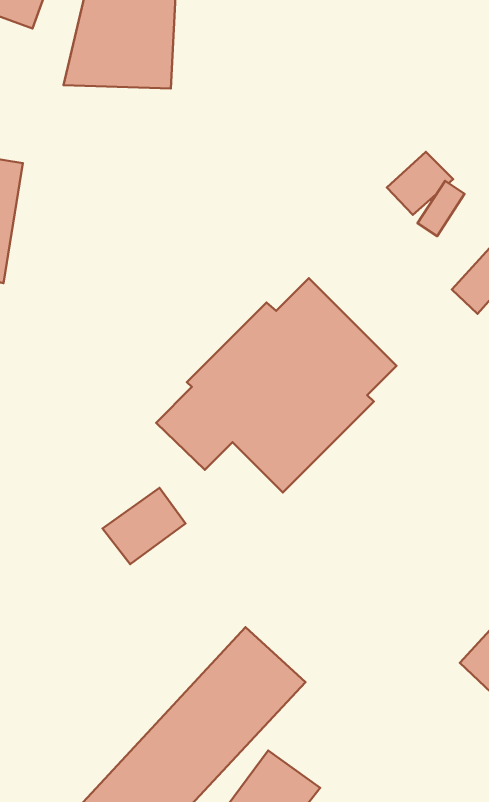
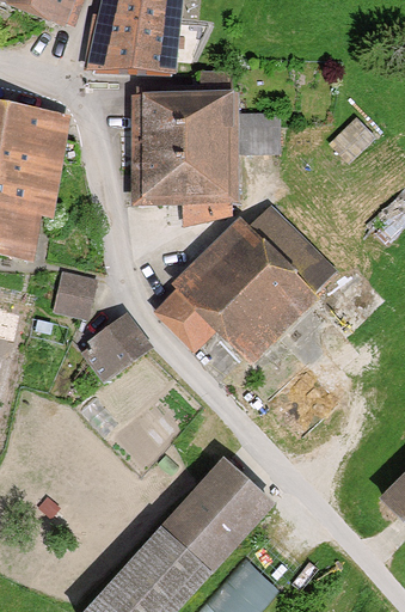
building: none -> [135,75,278,224]
building: none -> [55,276,93,317]
building: [103,488,185,564] -> [84,320,145,377]

